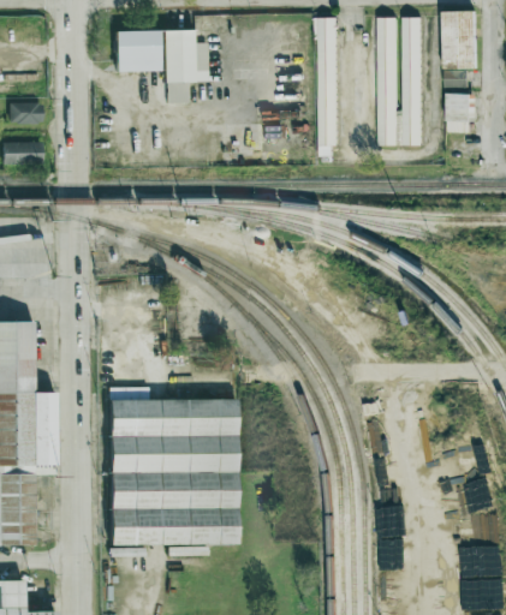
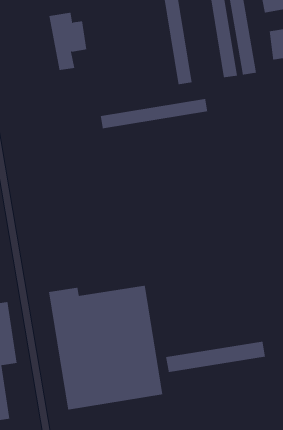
building: [115,30,161,72] -> none
building: none -> [100,98,208,129]
building: none -> [166,341,266,373]

